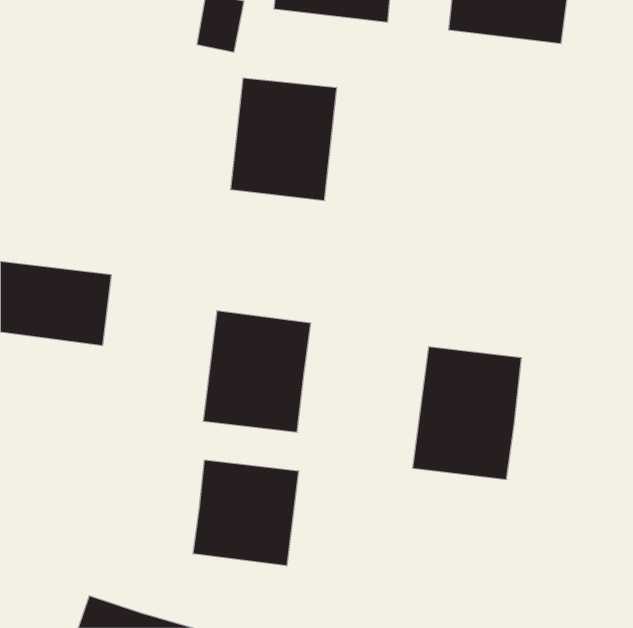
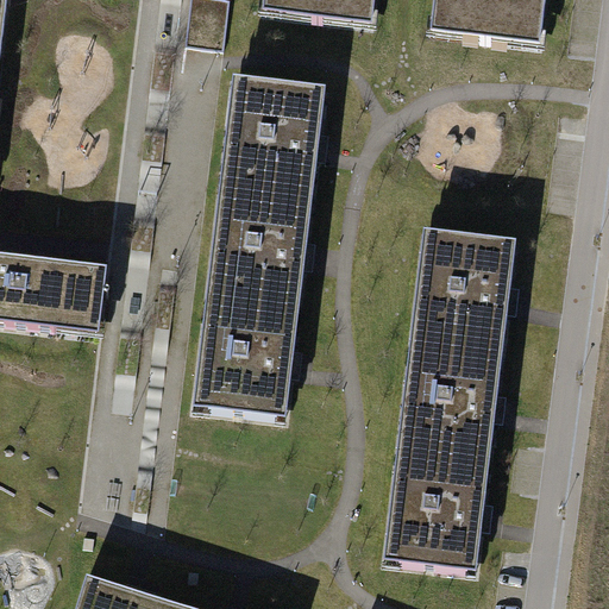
building: none -> [208,182,312,310]
building: none -> [412,226,513,344]
building: [193,460,299,566] -> none
building: none -> [383,450,486,566]

